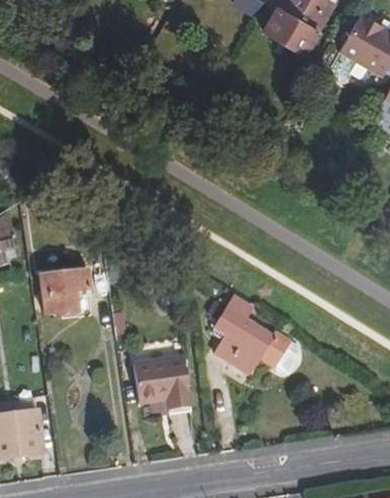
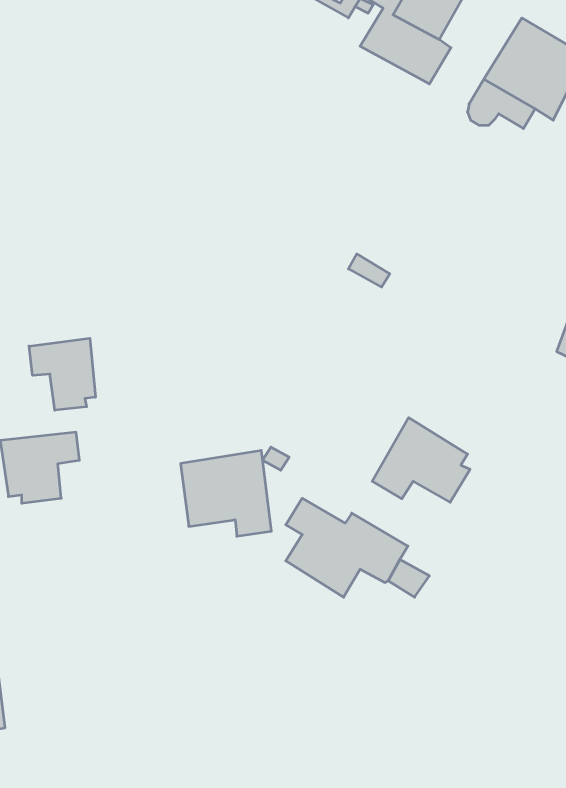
building: none -> [29,338,95,410]
building: none -> [372,418,470,502]
building: [134,356,190,409] -> [181,450,271,536]

